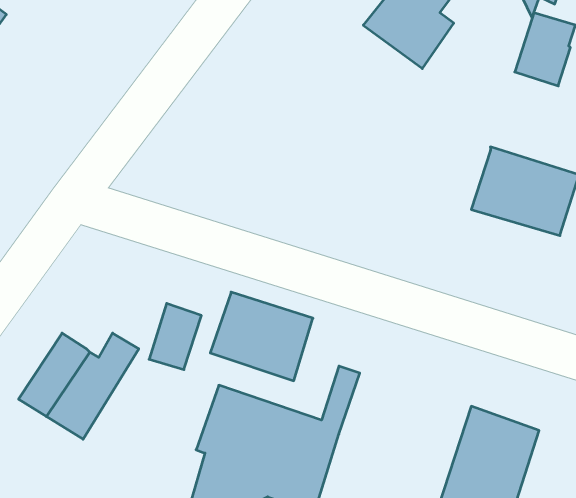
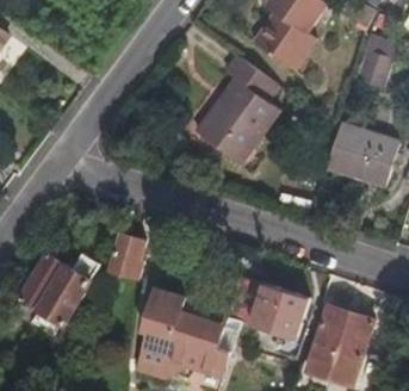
building: none -> [194,55,278,167]
building: [210,292,313,381] -> [236,281,306,342]

